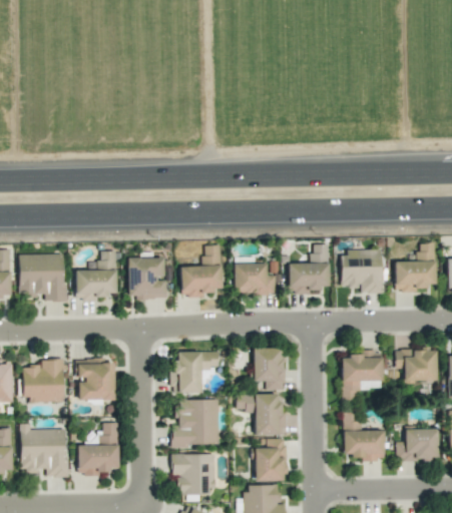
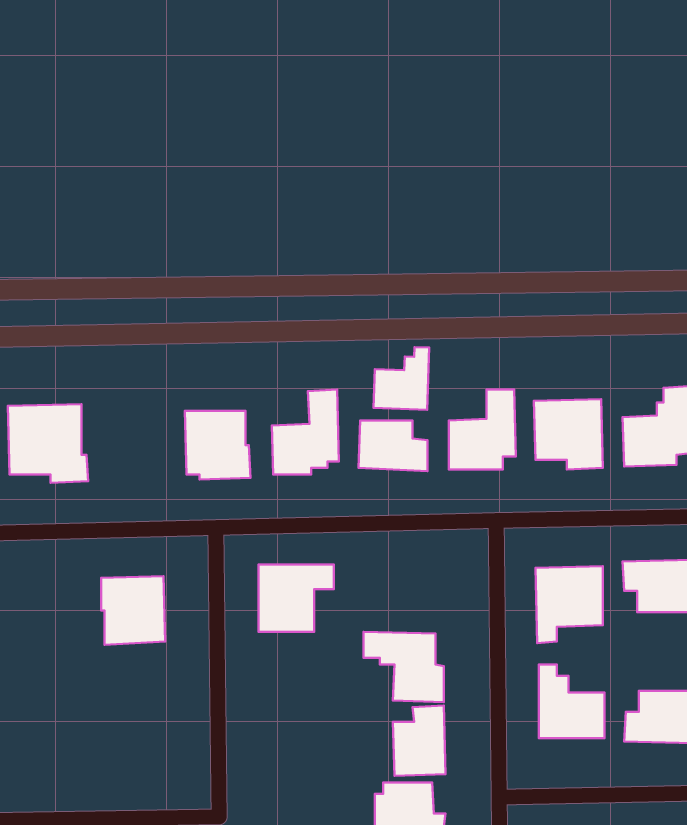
building: none -> [373,347,429,410]
building: [76,250,117,301] -> none
building: [255,348,285,390] -> none
building: [23,359,65,402] -> none
building: [172,399,220,447] -> none
building: [78,423,120,476] -> none
building: [21,424,67,477] -> none
building: [172,453,216,495] -> none

